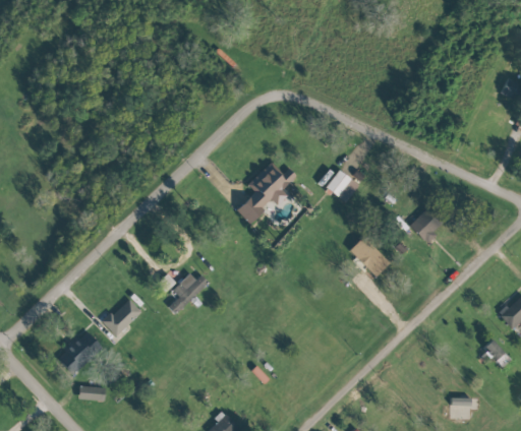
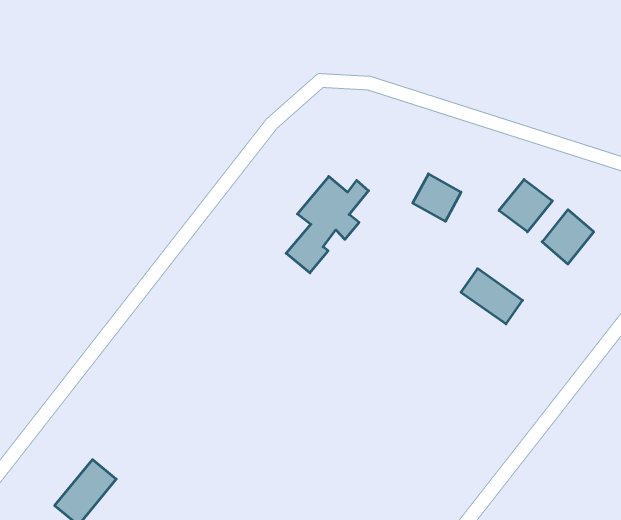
building: none -> [499,179,552,232]
building: [168,274,209,313] -> none
building: [102,299,141,337] -> none

